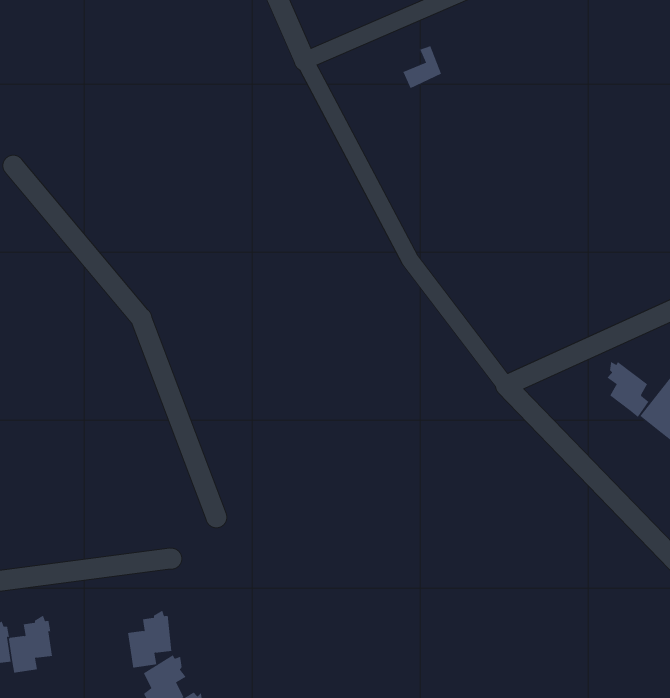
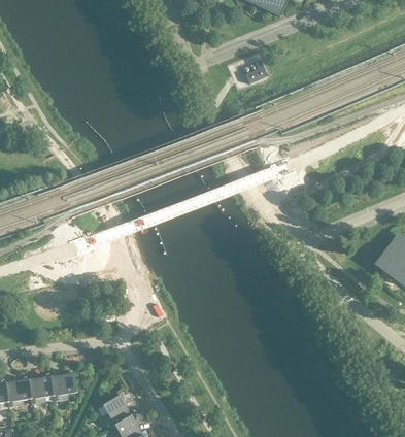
building: [607,361,649,418] -> none
building: [127,610,172,668] -> [50,368,75,400]

